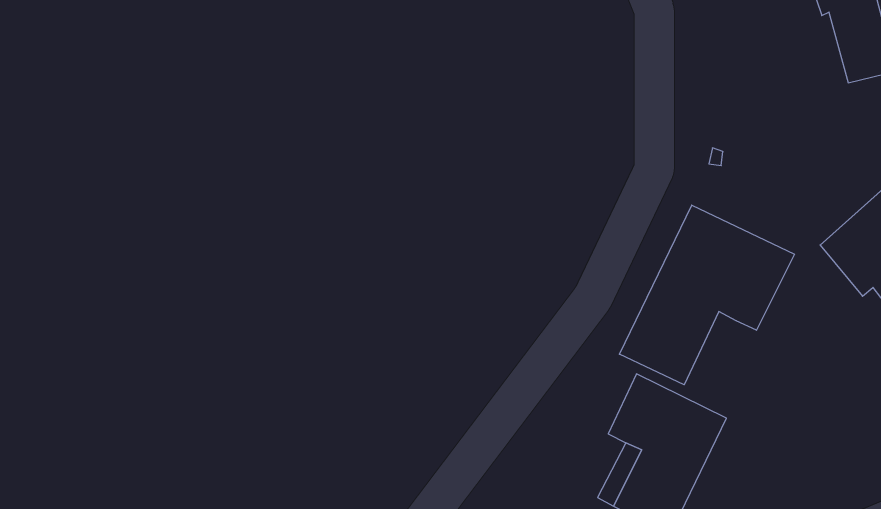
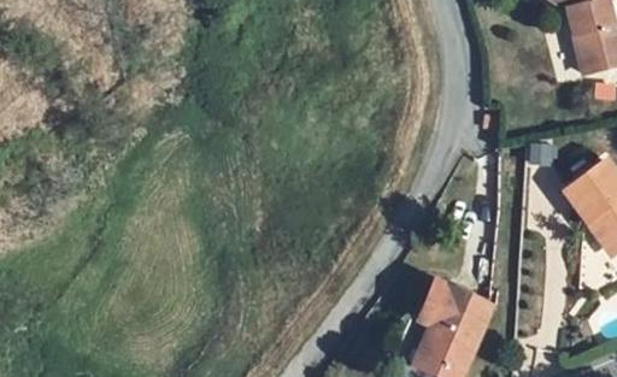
building: [619,205,794,385] -> none

